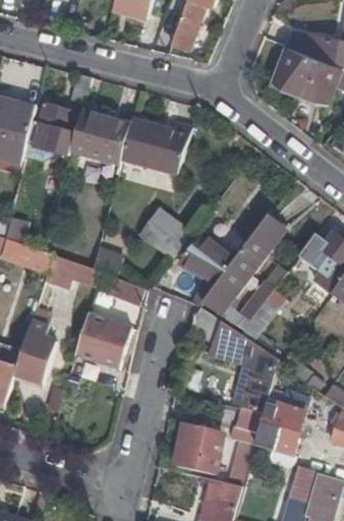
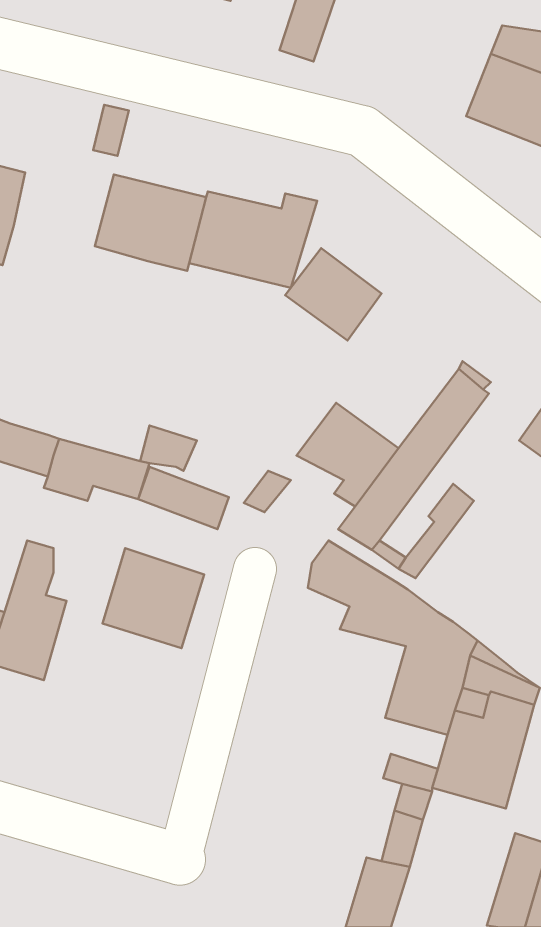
building: [27,104,74,156] -> none
building: [140,210,192,259] -> [285,248,381,341]
building: [175,422,220,472] -> none

